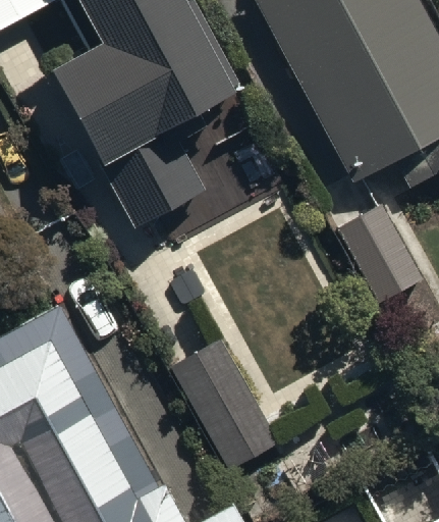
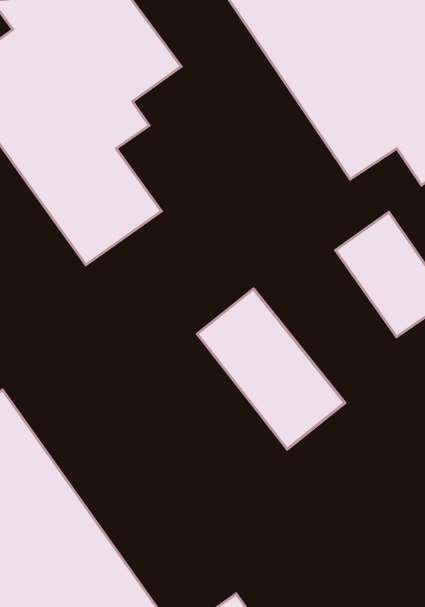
building: [167,340,278,470] -> [197,289,345,449]

